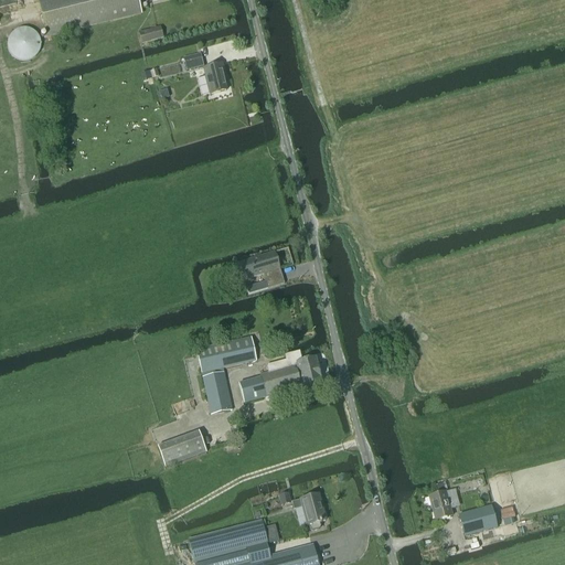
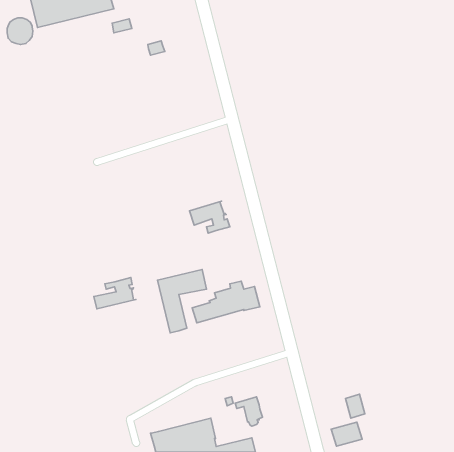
building: [205,62,227,92] -> none
building: none -> [94,277,136,309]
building: [158,429,207,466] -> none
building: [459,504,498,534] -> [331,422,362,446]

